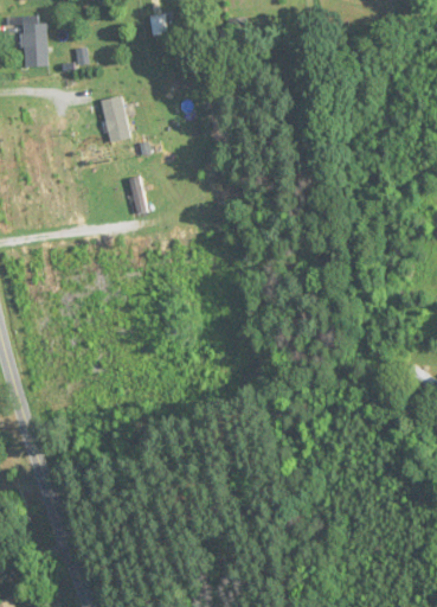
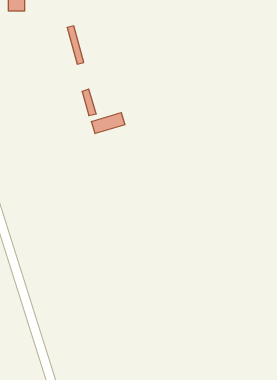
building: none -> [91,113,125,134]

